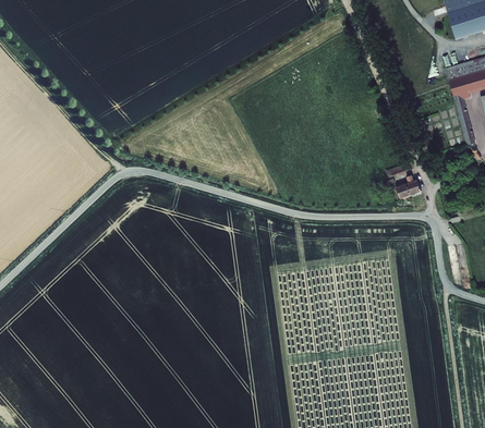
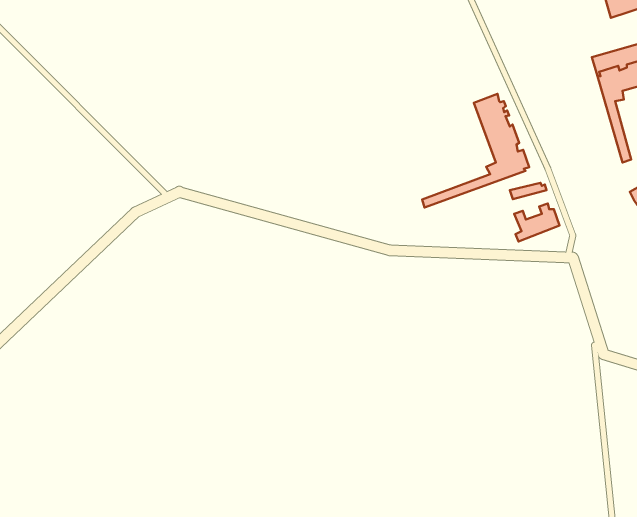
building: none -> [422,94,529,208]

